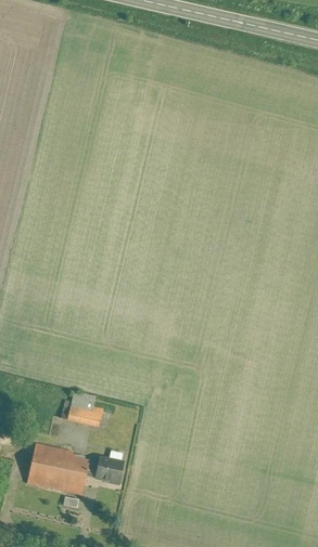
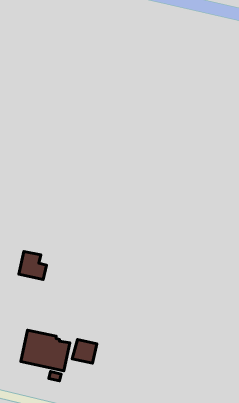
building: [67,391,103,427] -> [19,251,47,279]

